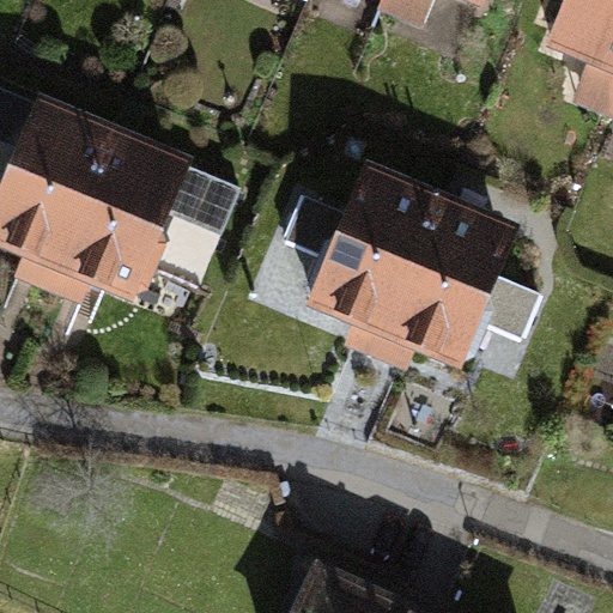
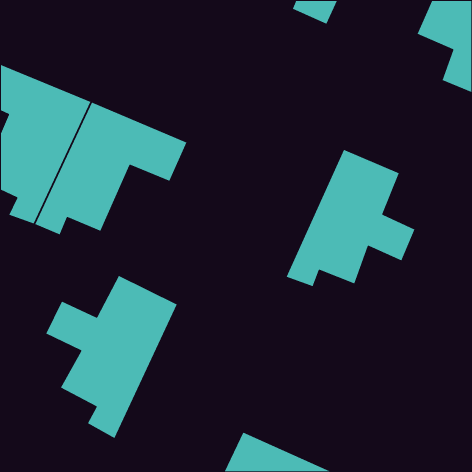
building: [284,160,445,359] -> none
building: none -> [45,275,178,439]

